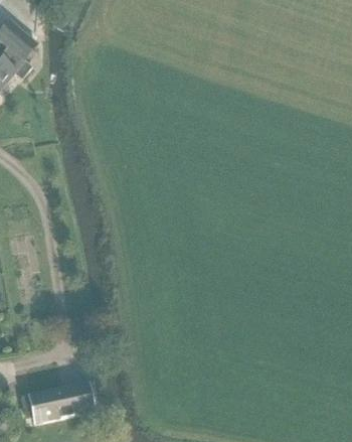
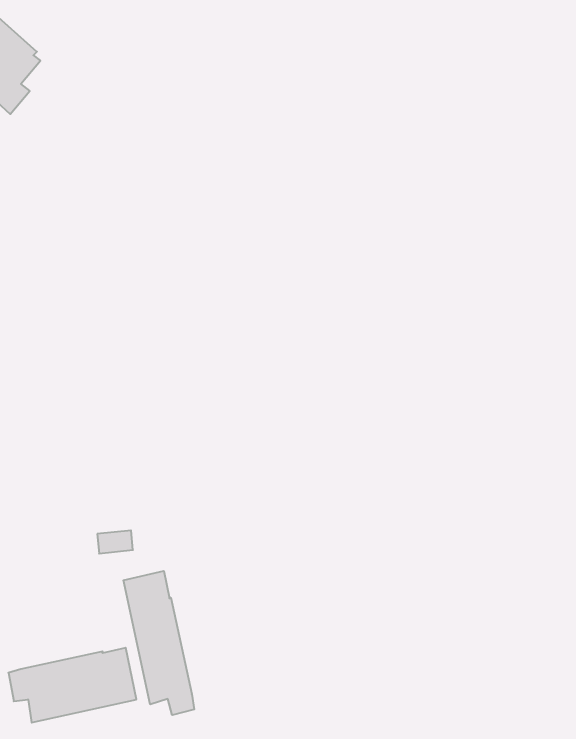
building: none -> [123,571,194,715]

